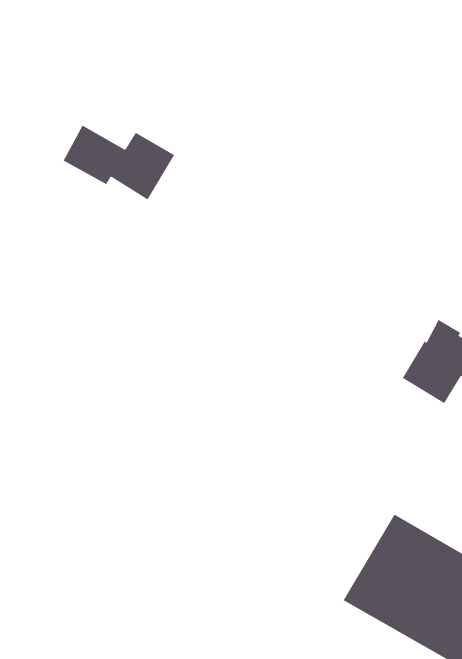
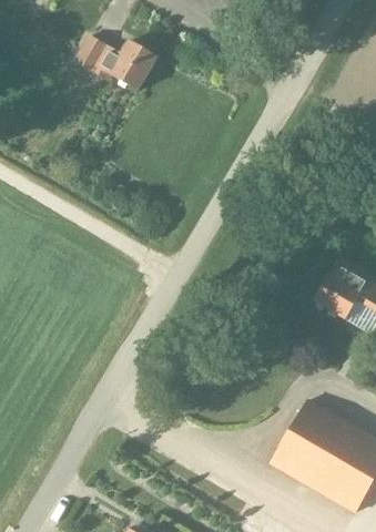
building: [63,124,175,200] -> [75,35,157,91]

